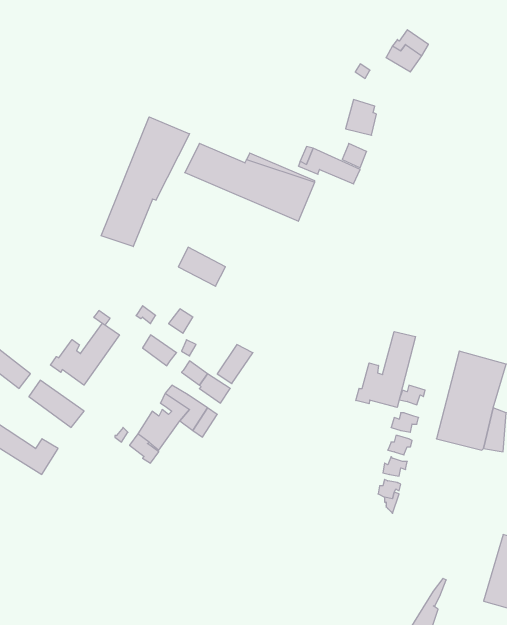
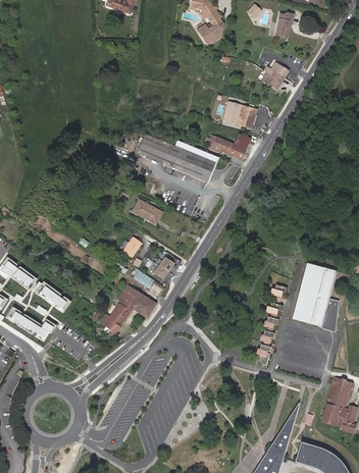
building: [101,117,190,247] -> none
building: [50,323,119,385] -> none
building: [356,332,416,407] -> none

